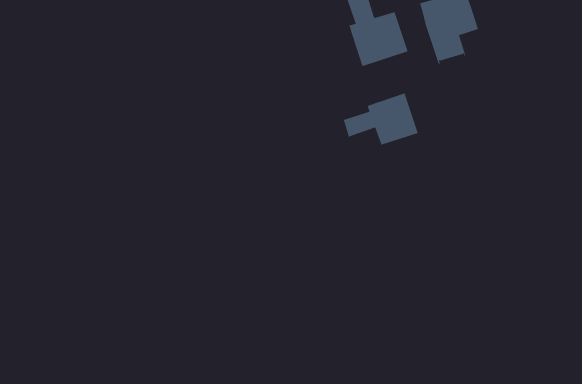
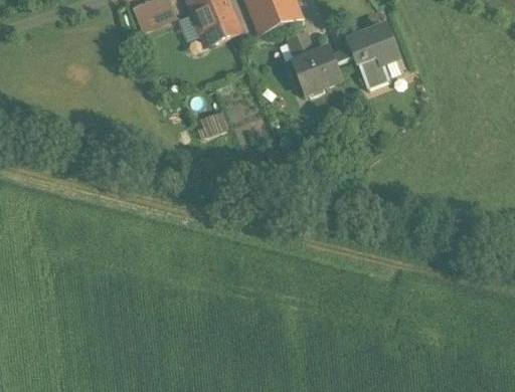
building: [343,93,418,146] -> none

